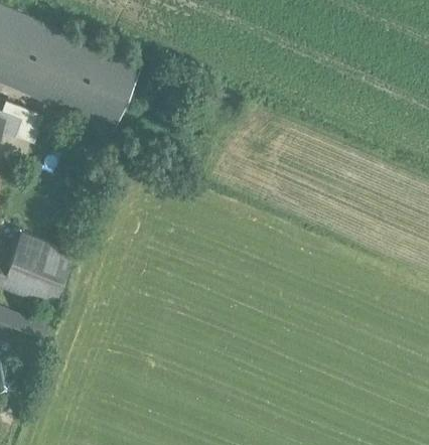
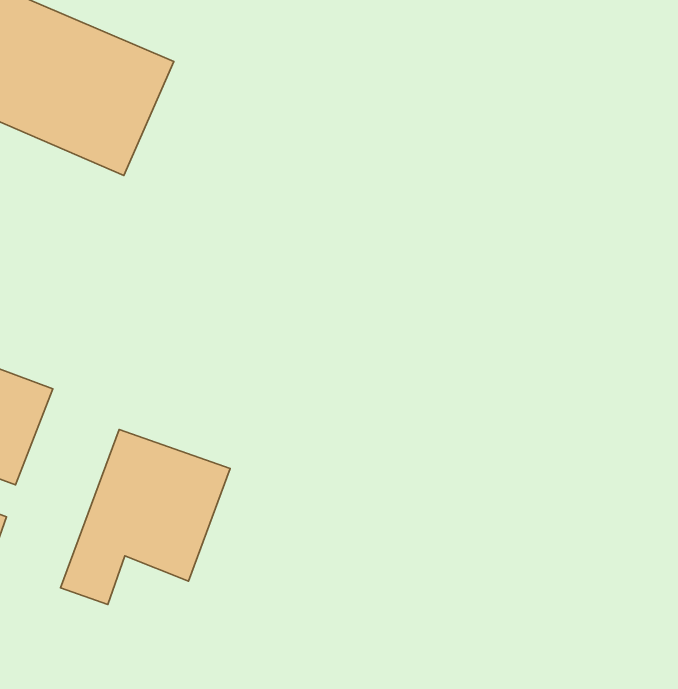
building: none -> [60,430,230,604]

